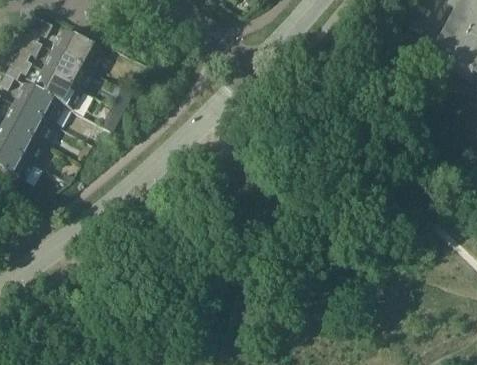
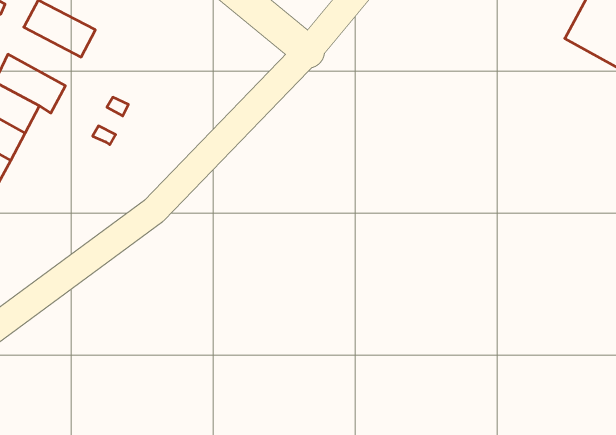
building: [43,45,94,86] -> none

